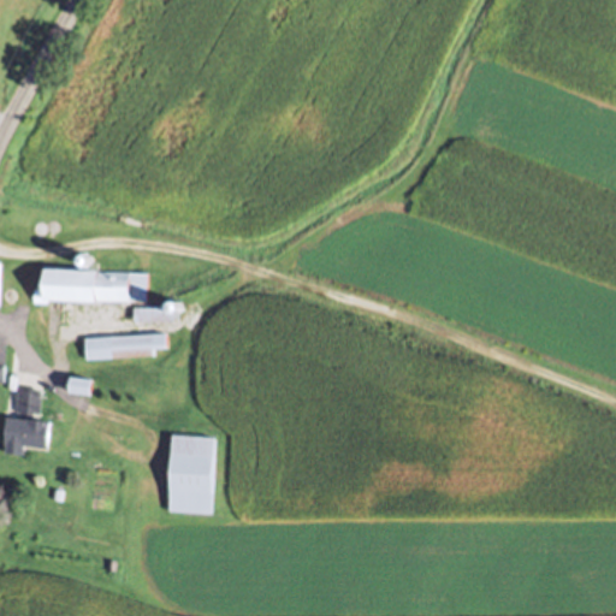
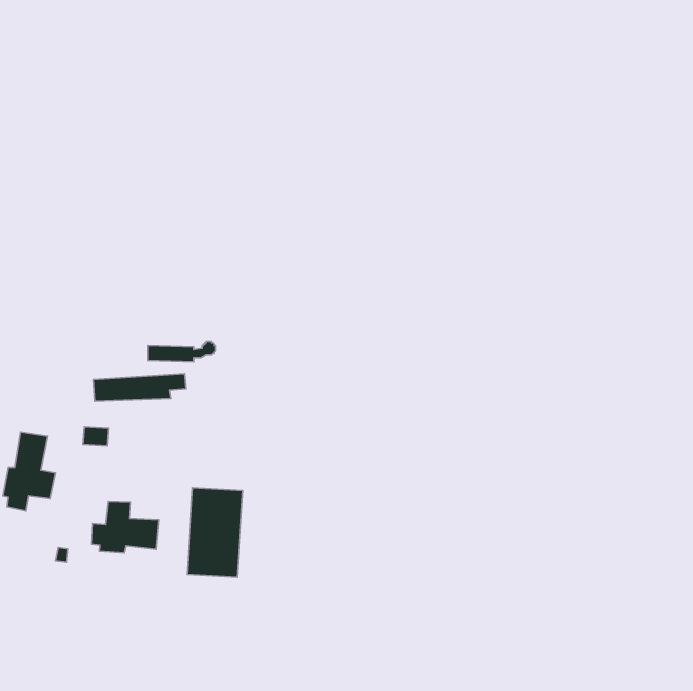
building: [31,255,147,303] -> none
building: none -> [92,501,159,553]

